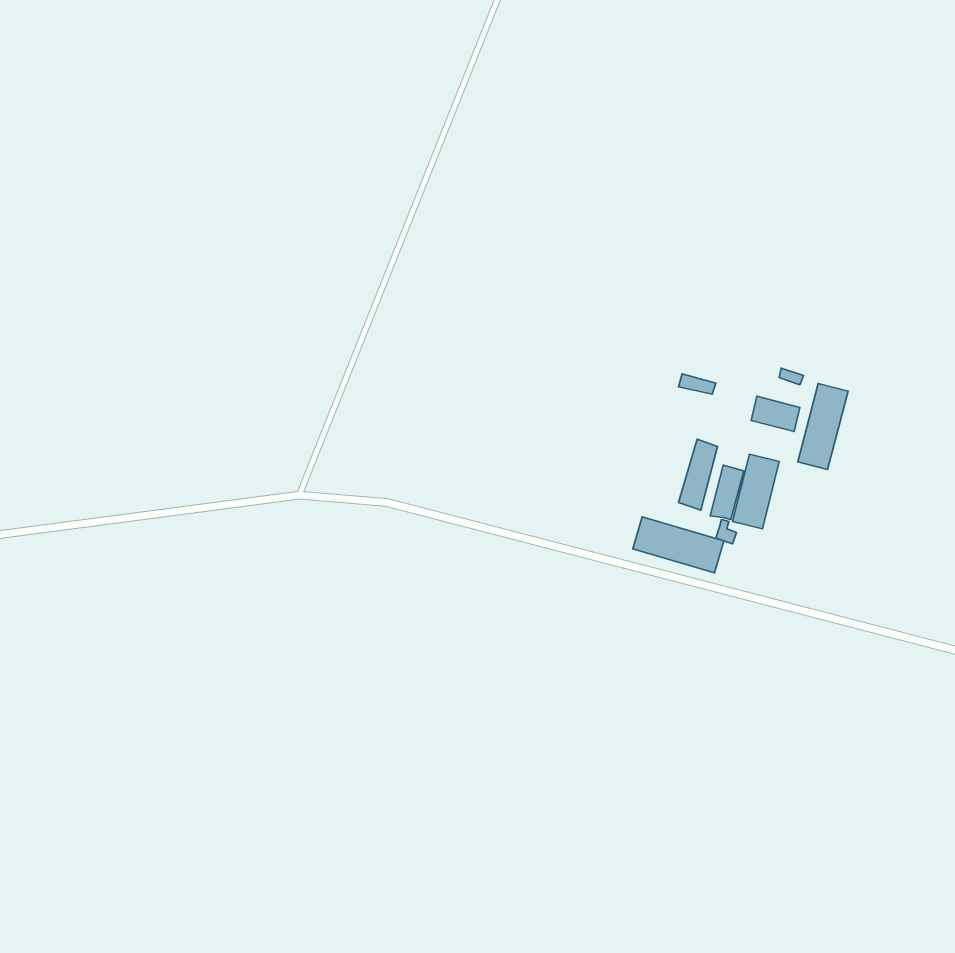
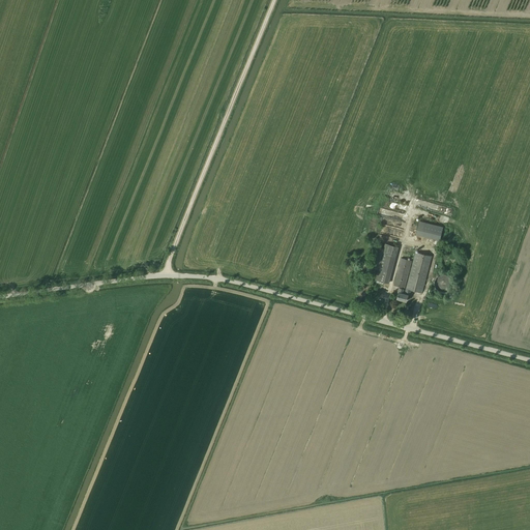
building: [798,383,848,469] -> none
building: [633,517,724,573] -> none

